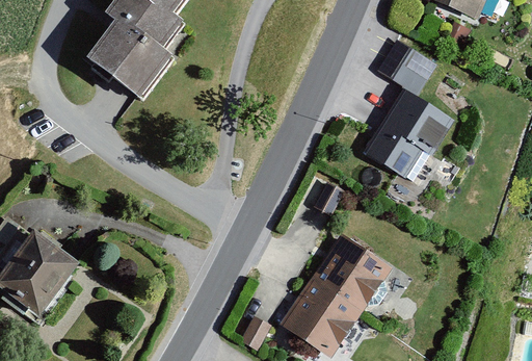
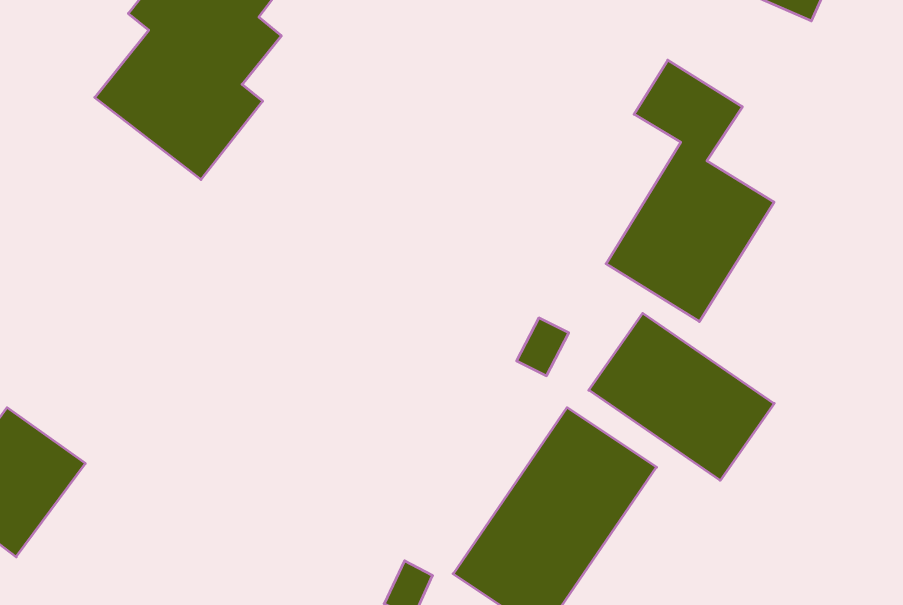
building: none -> [589,313,774,480]

